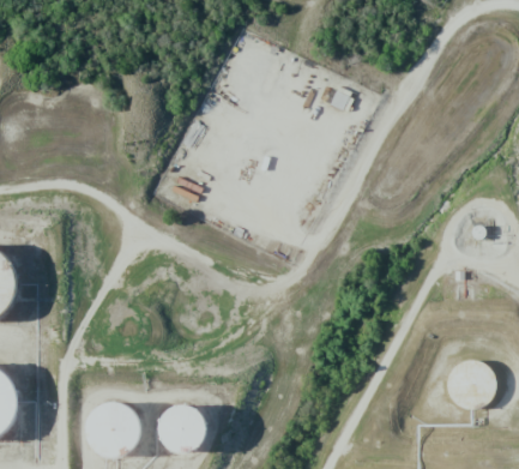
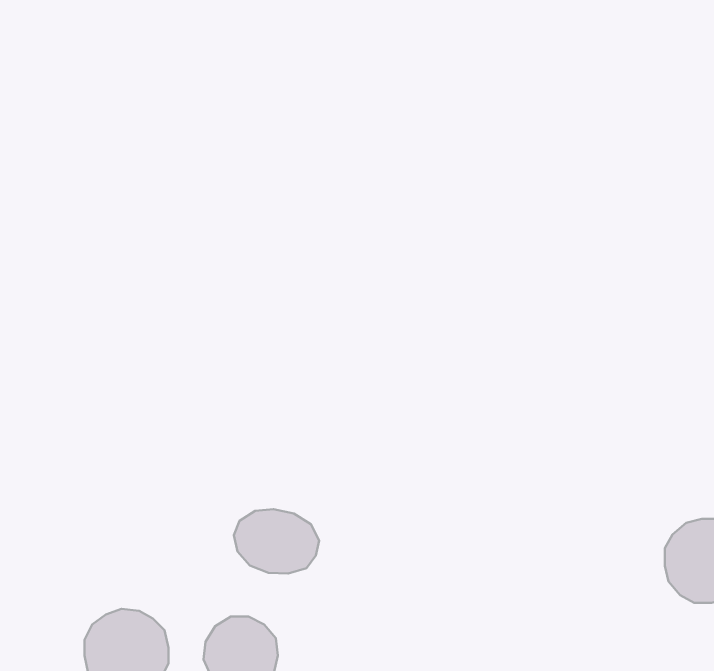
building: none -> [234,509,319,574]

